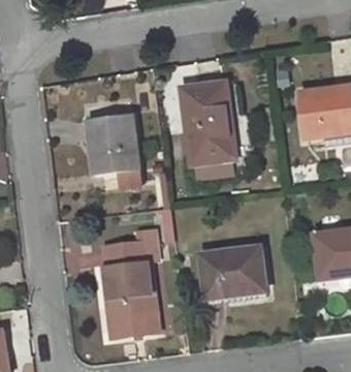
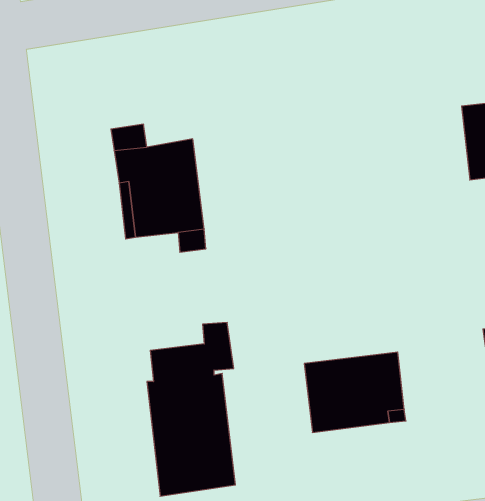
building: [182,82,235,163] -> none

